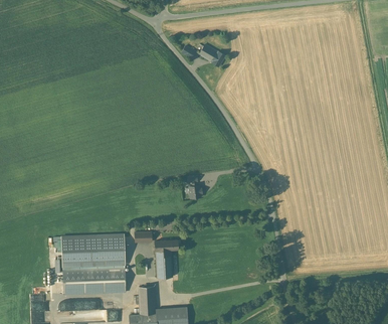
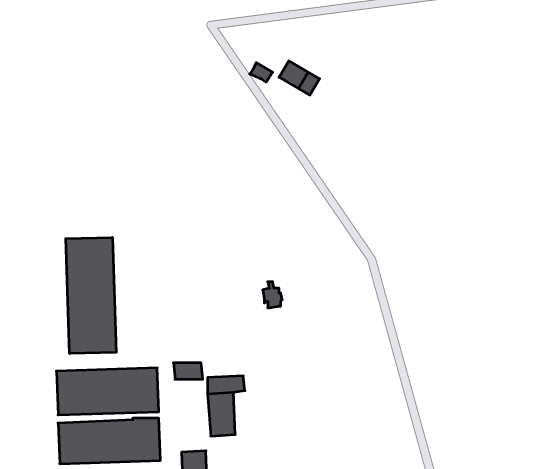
building: none -> [66,237,116,354]

